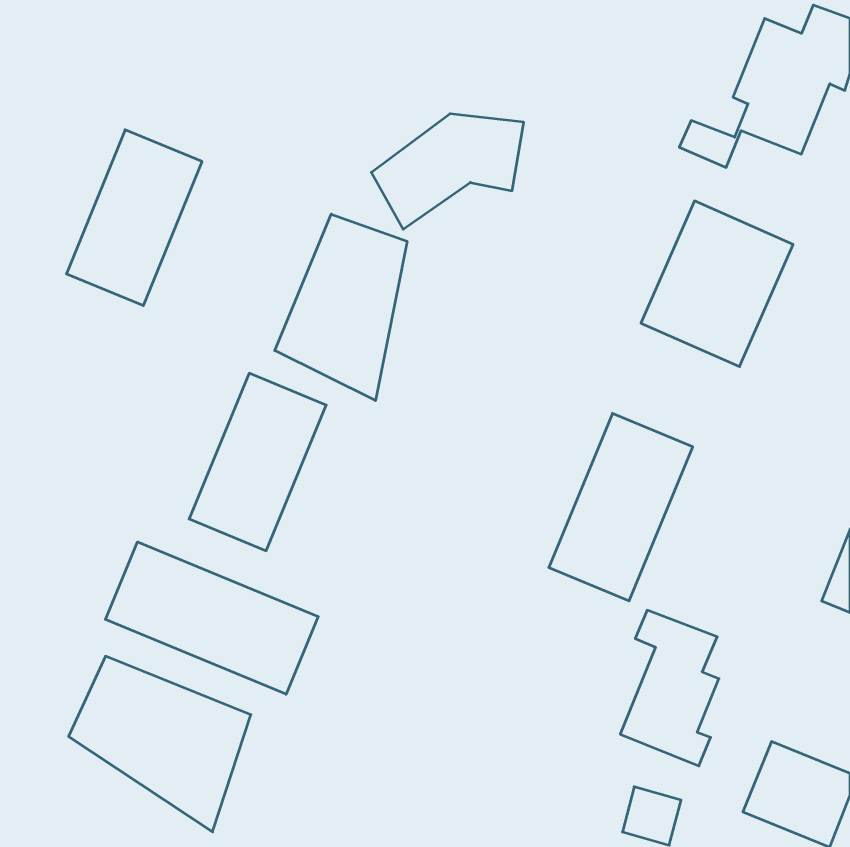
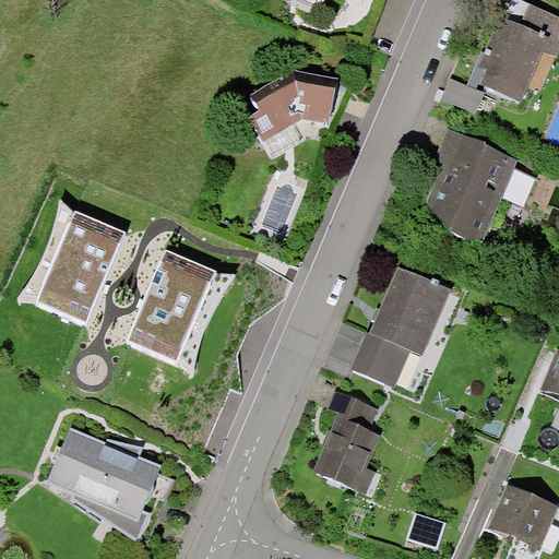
building: [66,130,202,306] -> [33,205,121,320]
building: [275,214,407,401] -> none
building: [105,542,318,694] -> none
building: [620,610,719,766] -> [314,391,379,492]

